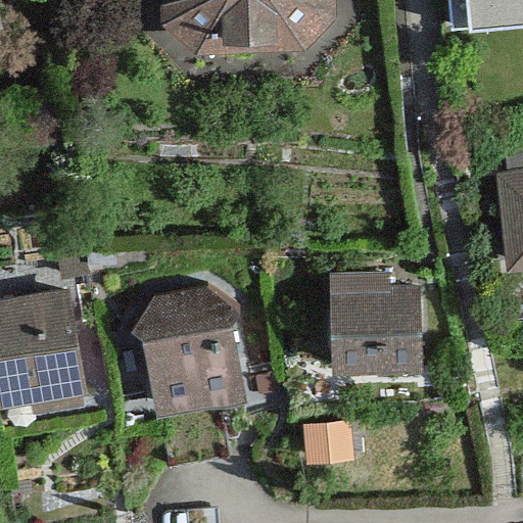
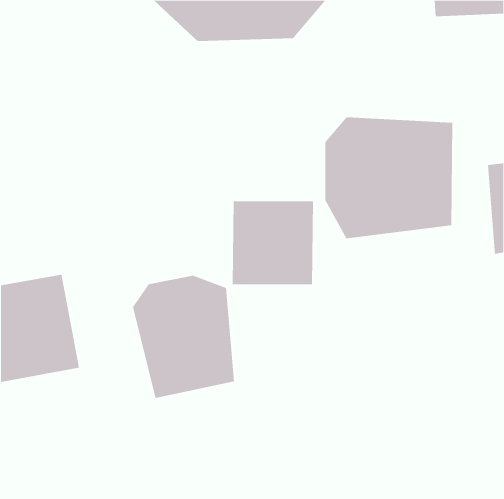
building: none -> [325,116,453,239]
building: [330,280,415,367] -> [232,201,314,285]

